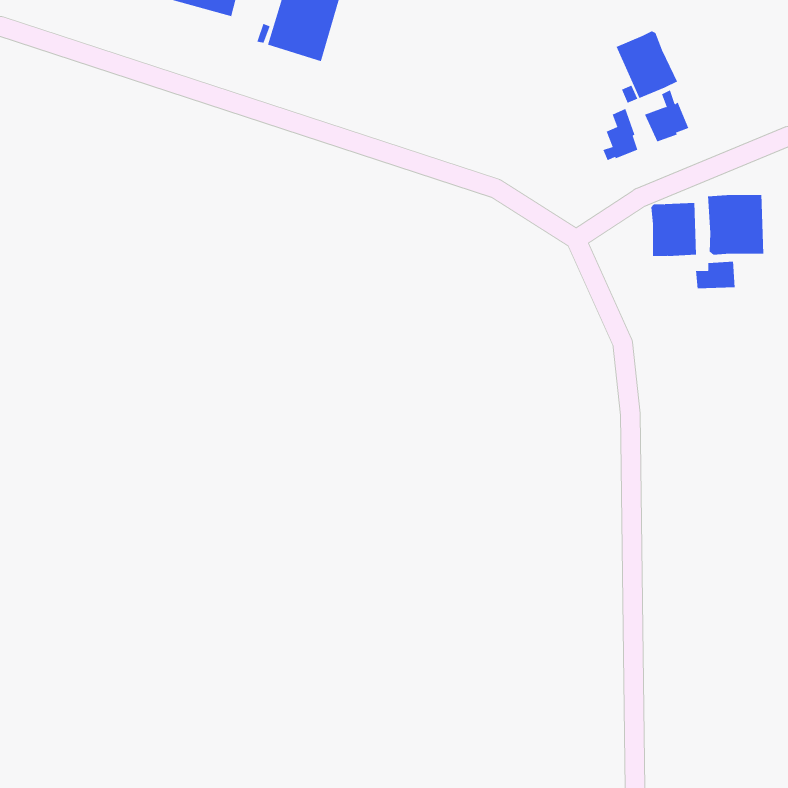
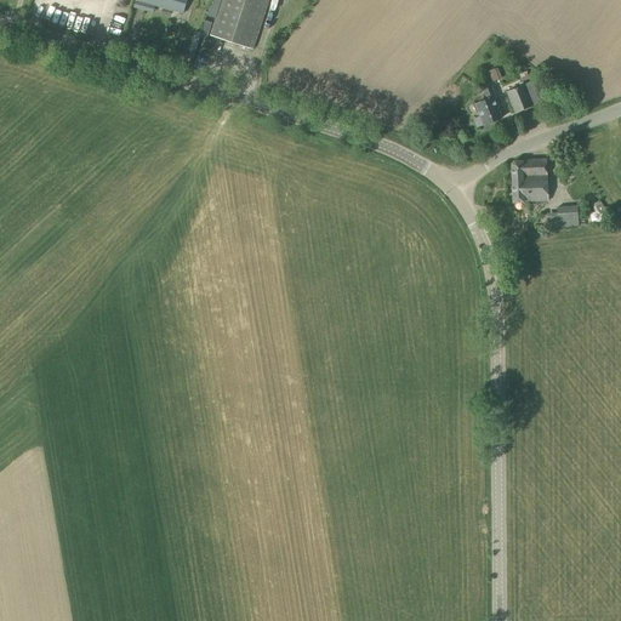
building: [616,31,678,99] -> none
building: [707,194,764,255] -> none

